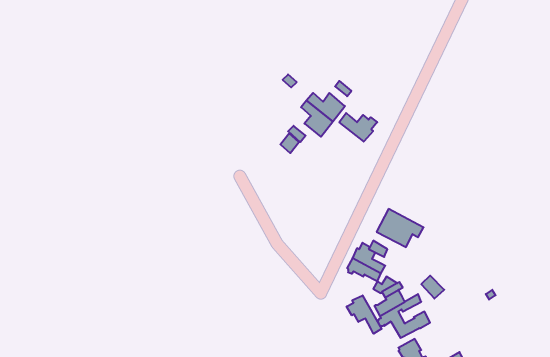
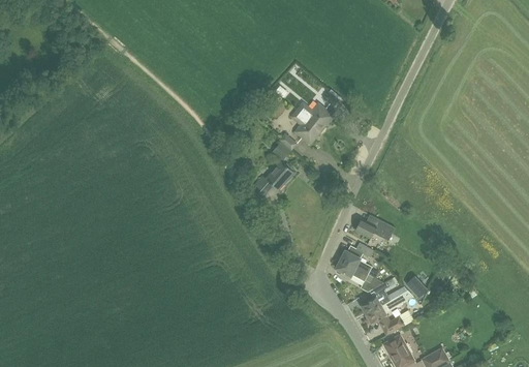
building: [339,113,377,142] -> none
building: none -> [252,160,292,195]
building: [347,295,382,334] -> none

